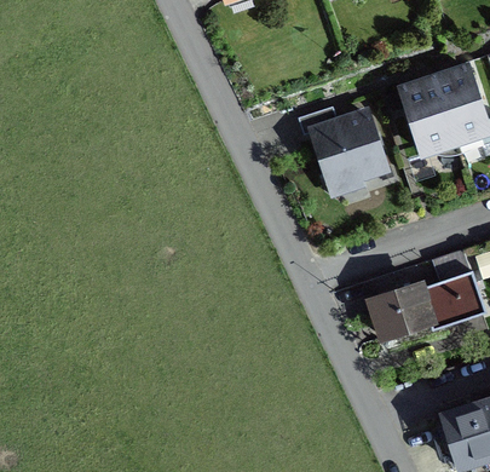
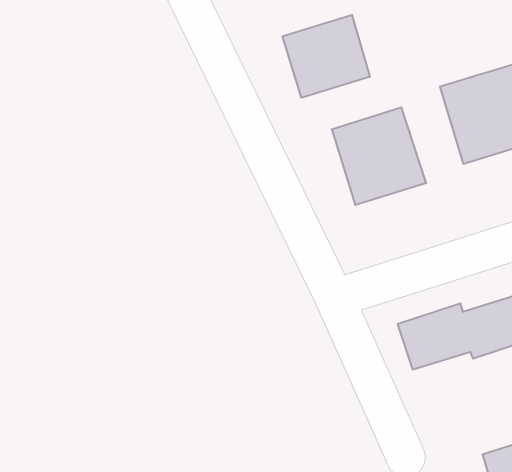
building: none -> [283,15,370,98]

